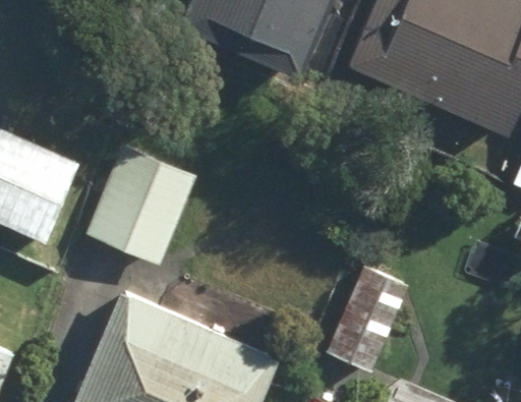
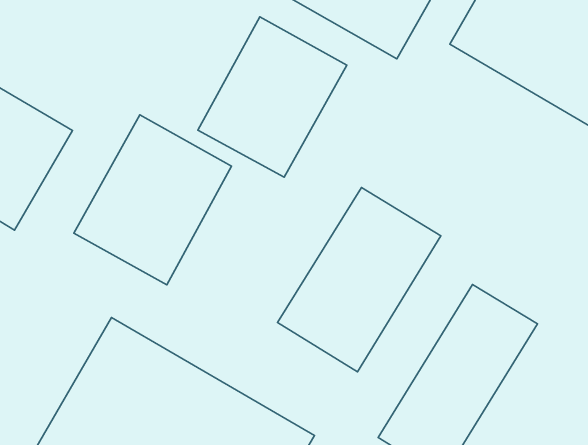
building: none -> [198,17,347,177]
building: none -> [278,188,441,372]

